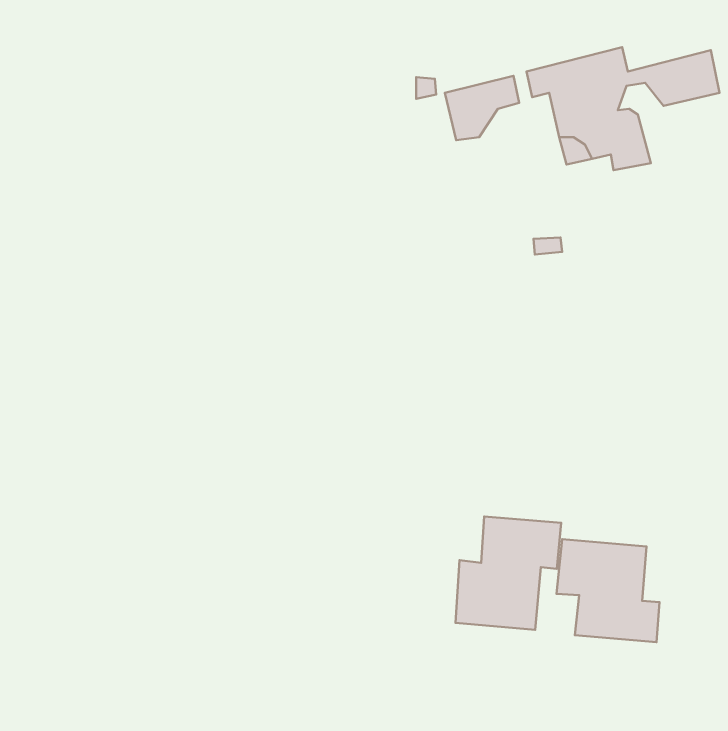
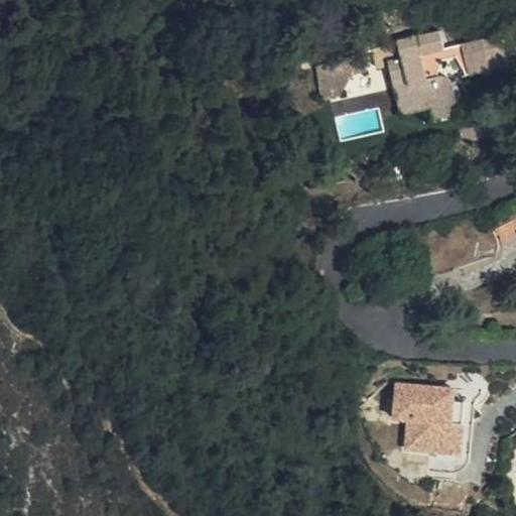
building: [455,517,561,630] -> none

